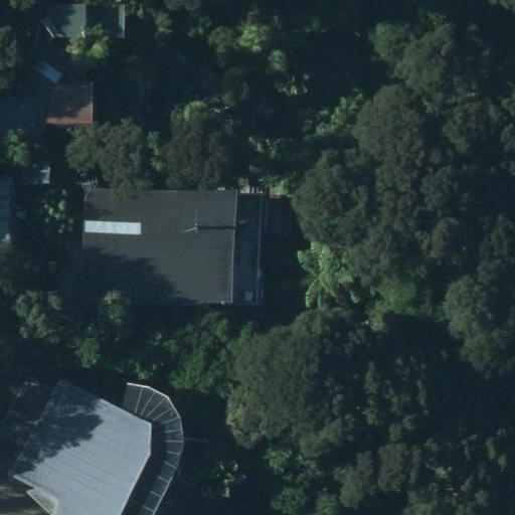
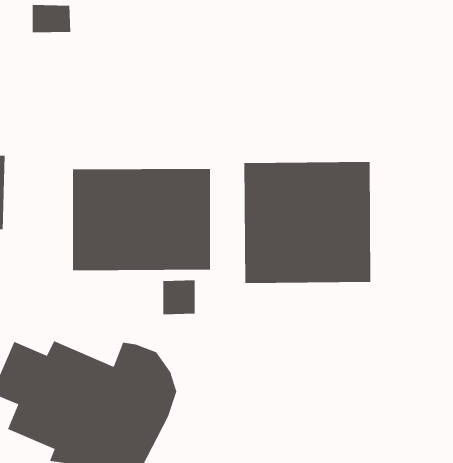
building: none -> [244,161,371,284]

